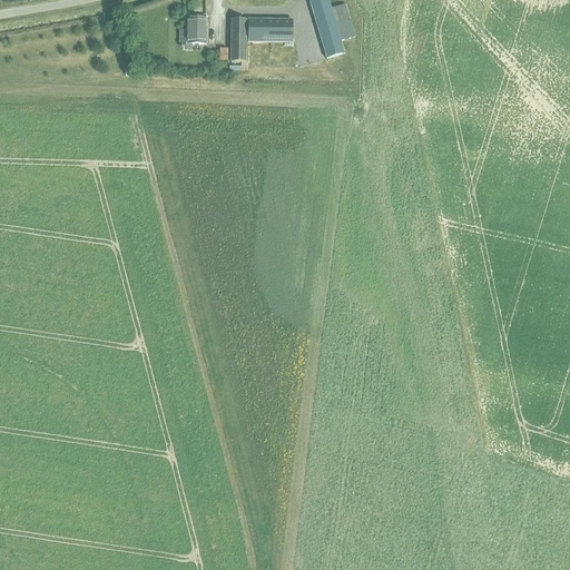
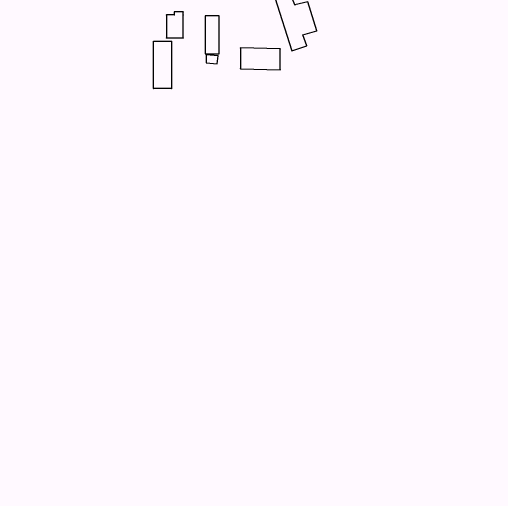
building: [246,17,291,41] -> [240,48,280,70]
building: none -> [154,41,172,89]

